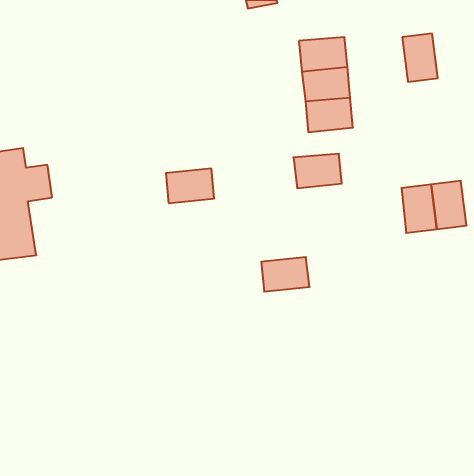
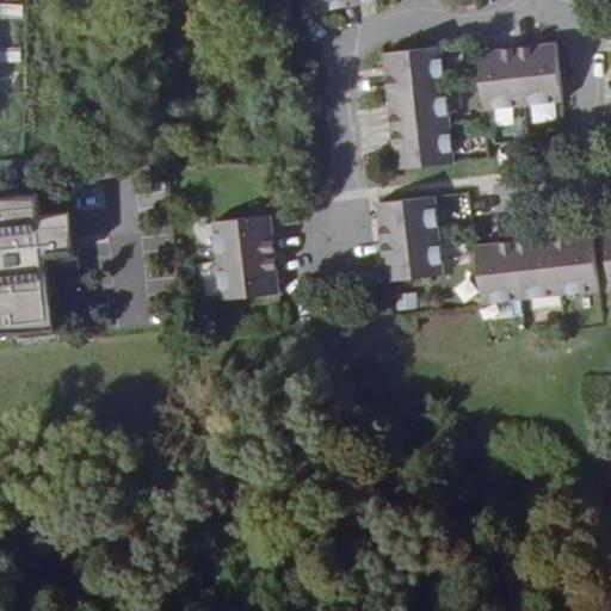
building: none -> [477,48,523,110]
building: none -> [476,241,520,303]
building: none -> [216,254,278,300]
building: [261,257,310,292] -> [381,235,443,279]

